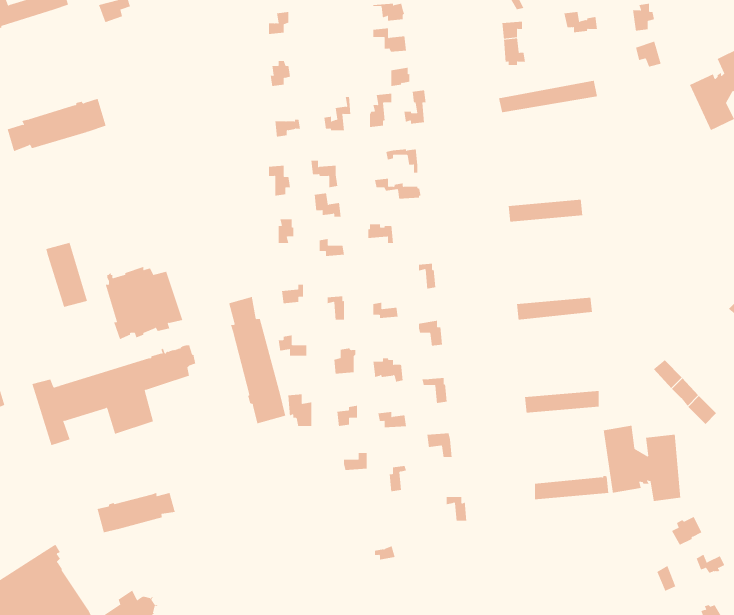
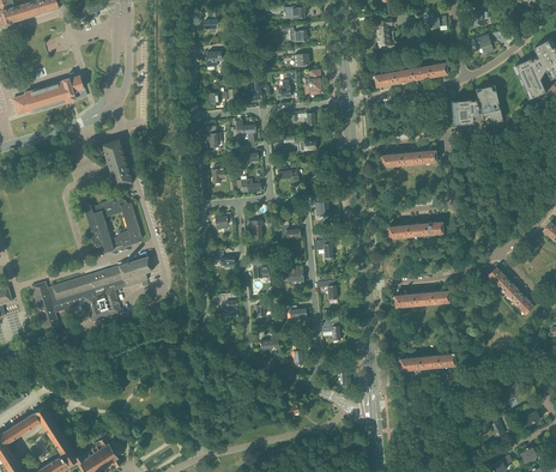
building: none -> [452,84,502,125]
building: [46,242,88,308] -> [102,139,133,187]
building: [228,296,286,424] -> none
building: [603,425,681,502] -> none
building: [97,492,175,533] -> none

